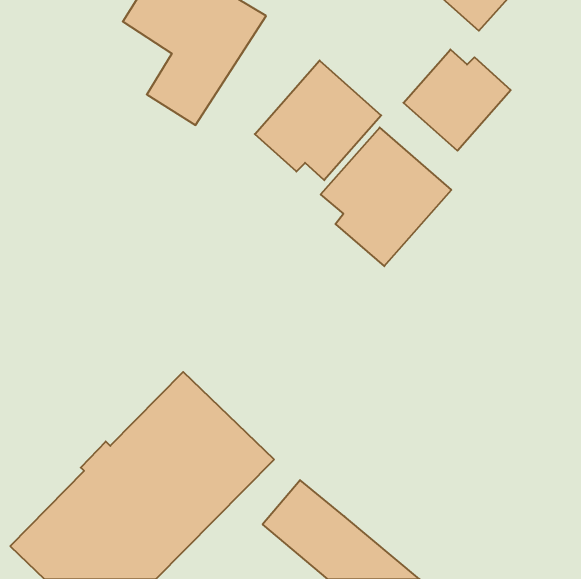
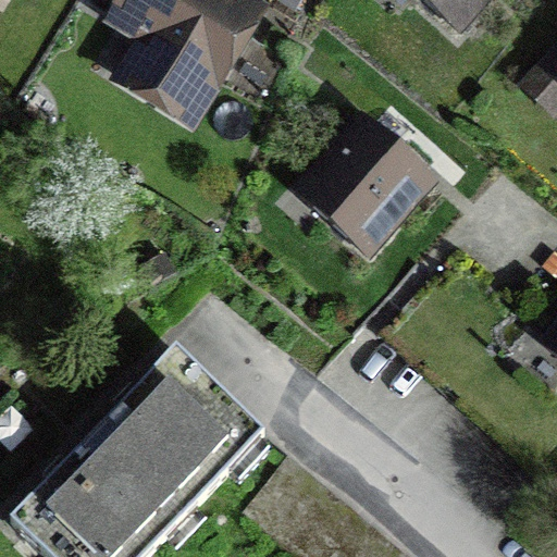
building: [403,49,511,151] -> none
building: [255,60,381,180] -> none

